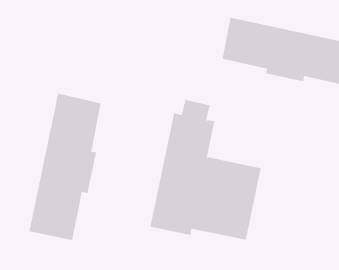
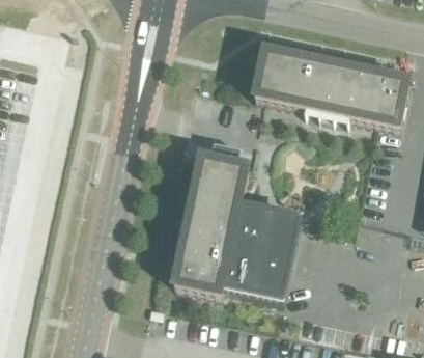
building: [29,93,101,241] -> none

